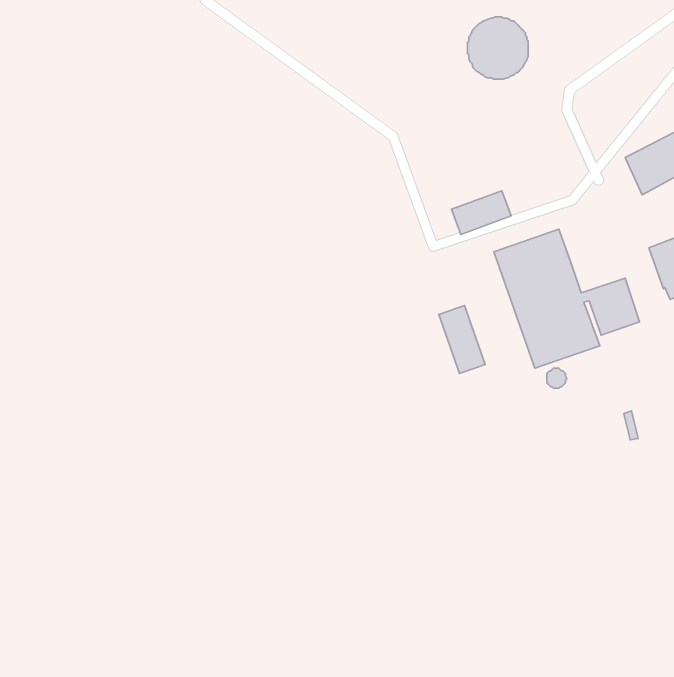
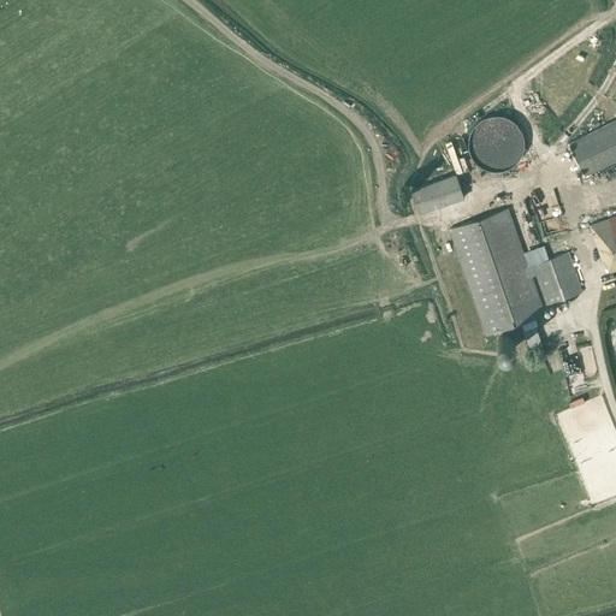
building: [467,17,528,79] -> [470,114,526,171]
building: [439,305,485,374] -> none

